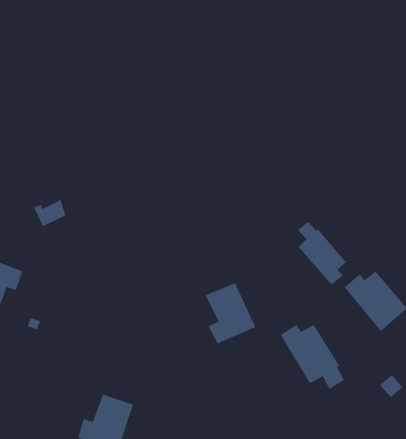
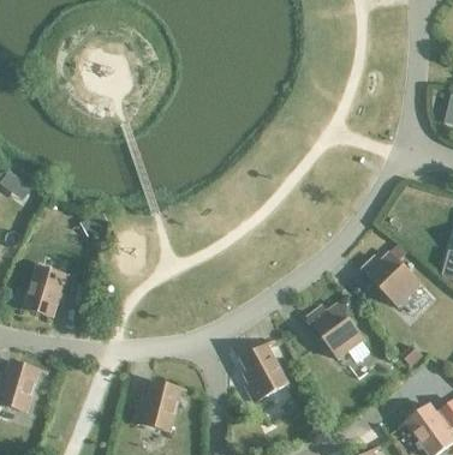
building: [297,221,347,285] -> none
building: [205,283,256,344] -> [239,345,287,401]

